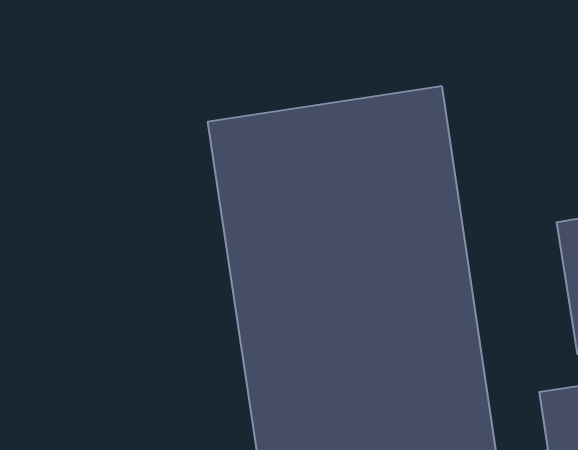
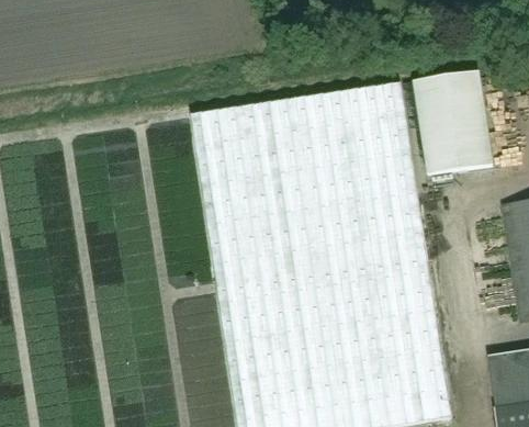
building: none -> [414,71,493,175]

